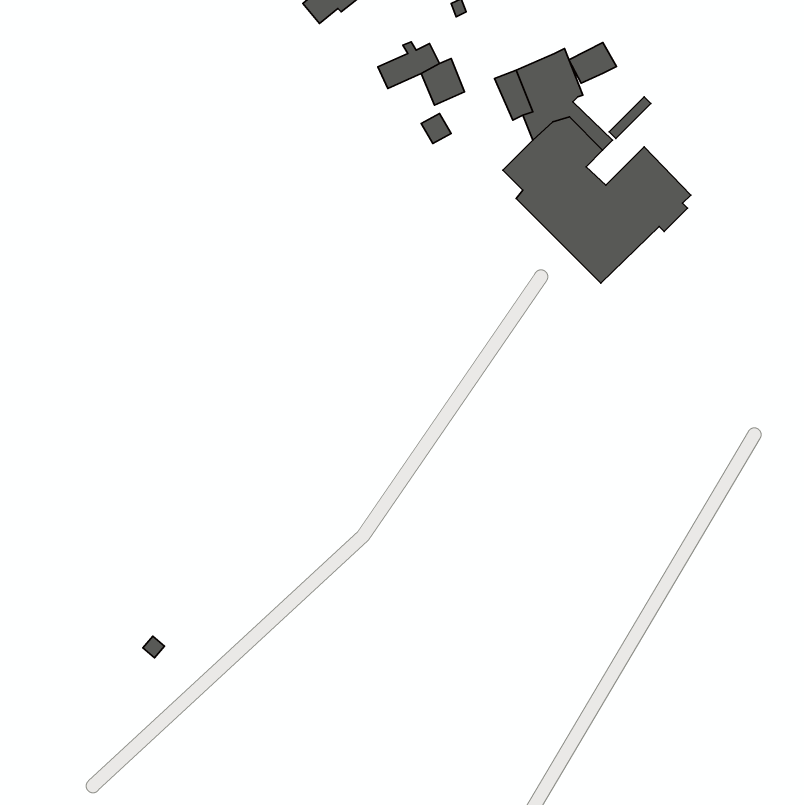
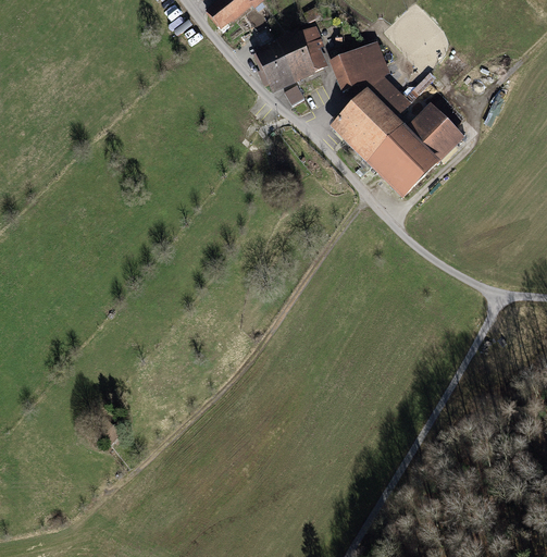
building: none -> [289,27,322,70]
building: [569,42,616,83] -> none
building: none -> [260,58,293,88]

